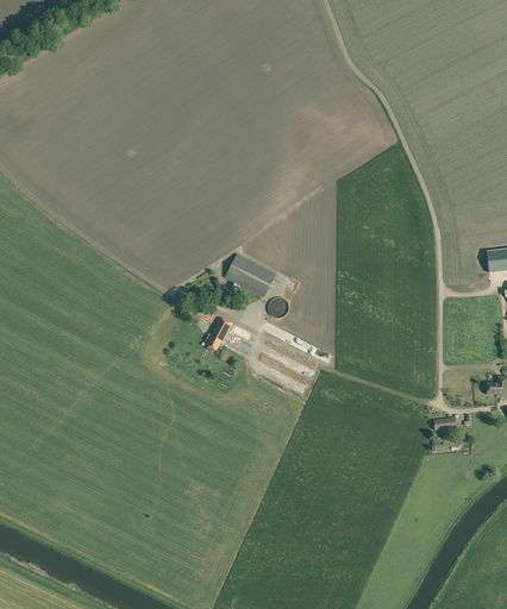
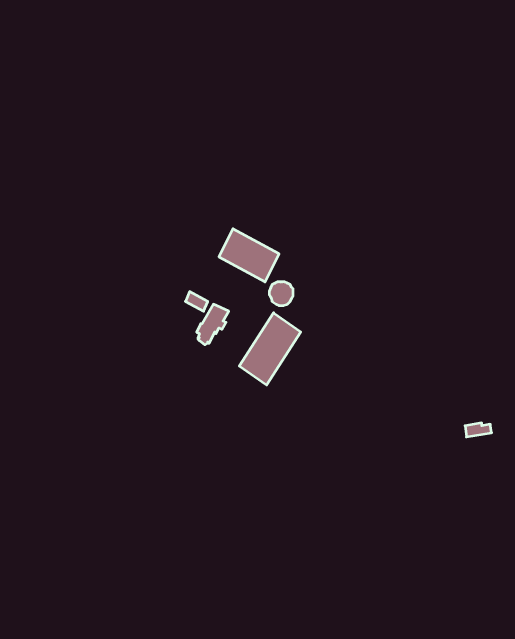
building: none -> [239,313,301,385]

